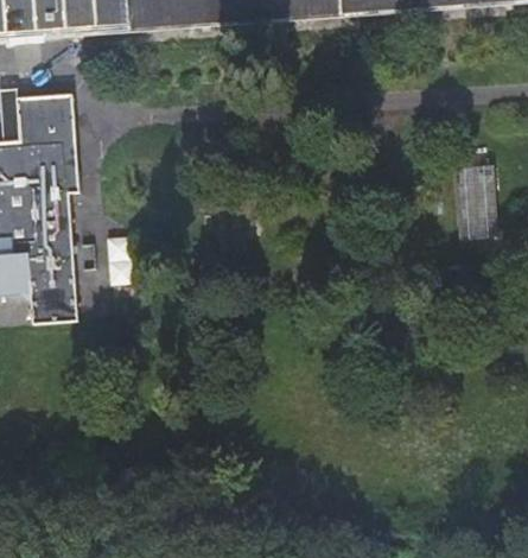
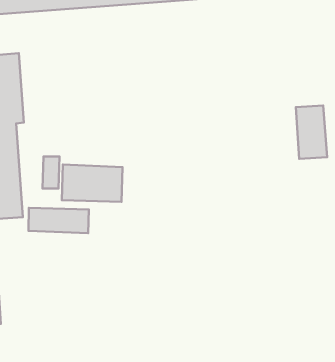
building: none -> [62,164,122,202]
building: none -> [28,208,89,233]

